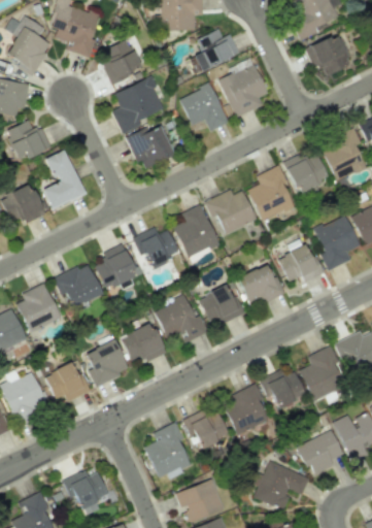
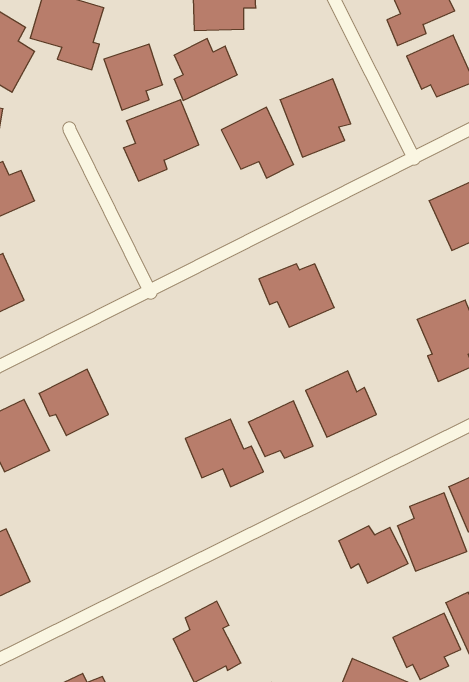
building: [196,28,239,70] -> [174,39,237,100]
building: [126,126,174,167] -> none
building: [42,150,84,208] -> none
building: [283,153,329,193] -> none
building: [248,165,296,221] -> none
building: [173,204,219,260] -> none
building: [134,227,179,268] -> none
building: [96,243,137,290] -> none
building: [278,243,323,282] -> none
building: [121,322,166,362] -> none
building: [82,339,129,385] -> none
building: [44,361,90,404] -> none
building: [222,384,271,434] -> none
building: [183,405,230,448] -> none

